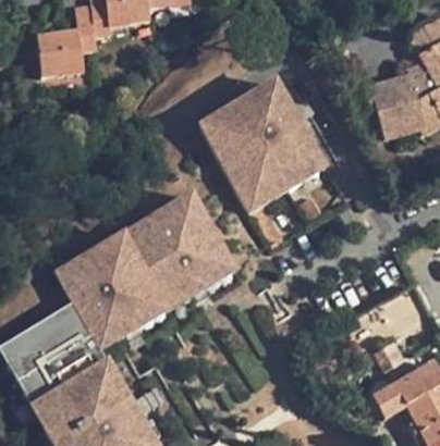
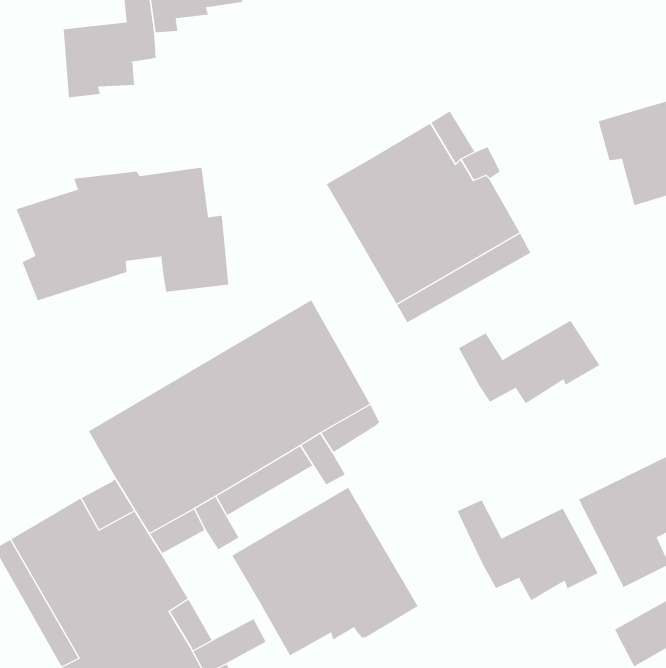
building: none -> [16,167,229,301]
building: none -> [458,320,600,404]
building: none -> [231,487,418,656]
building: none -> [457,499,598,601]

